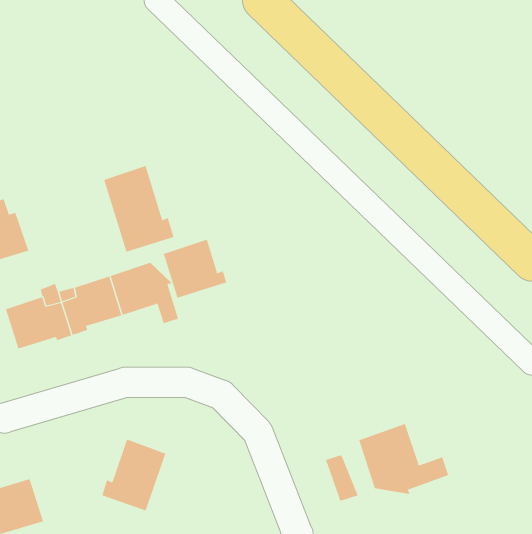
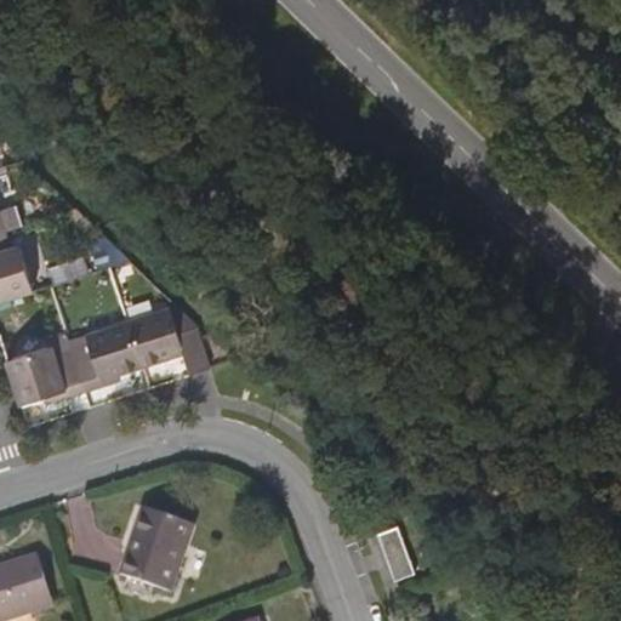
building: [104,165,174,253] -> none
building: [163,239,227,298] -> none
building: [358,423,449,495] -> none

